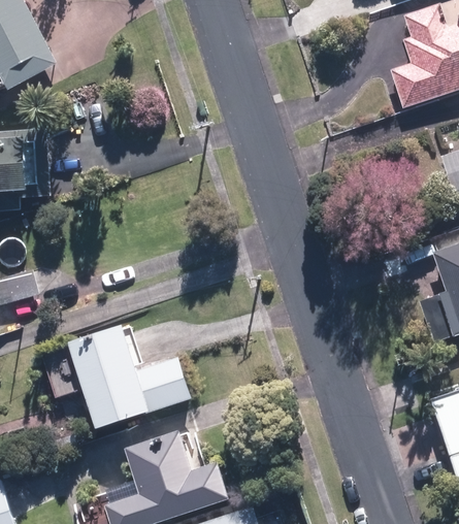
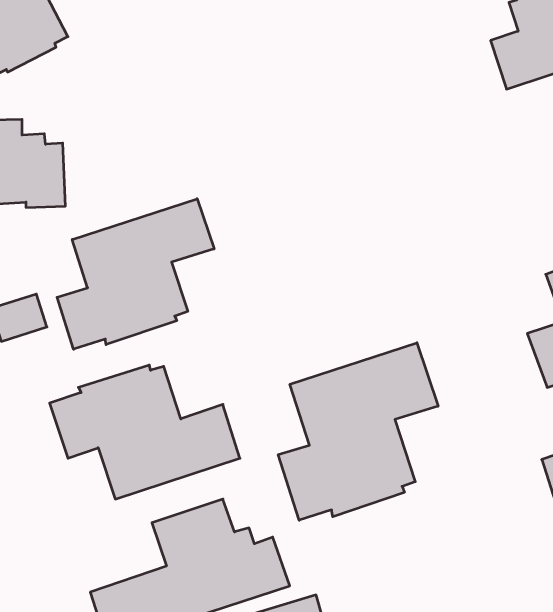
building: none -> [57,199,214,349]
building: none -> [278,343,438,520]

